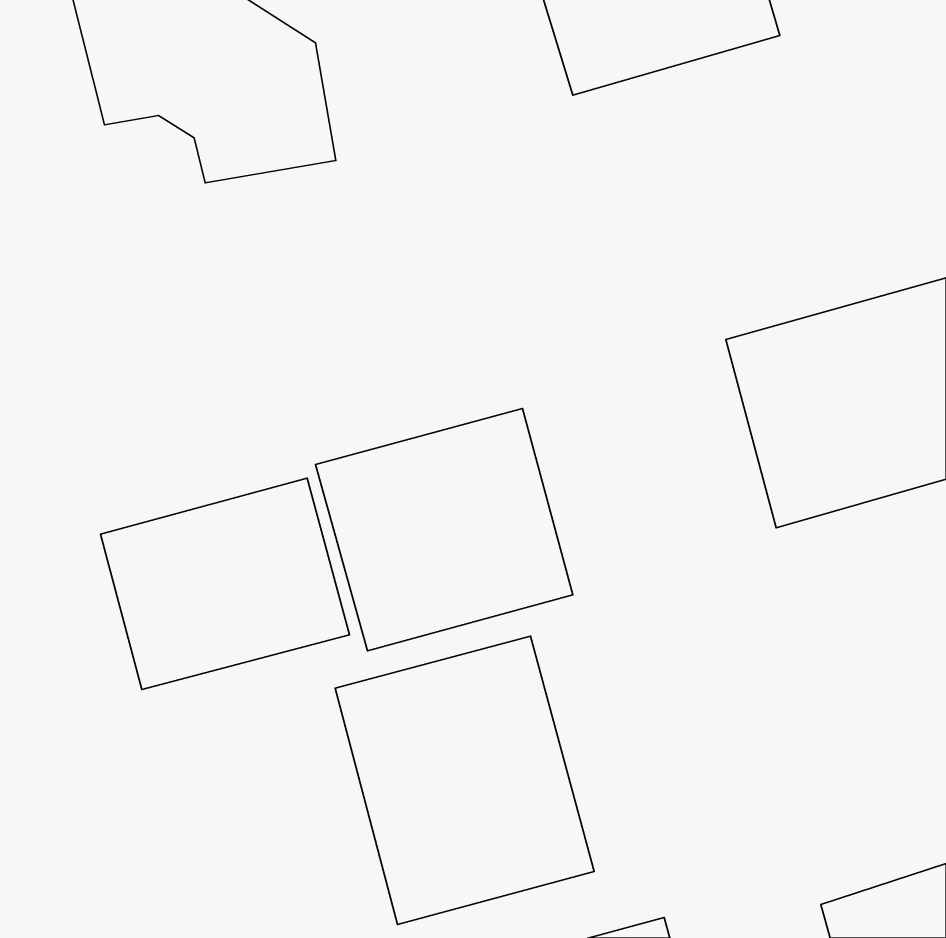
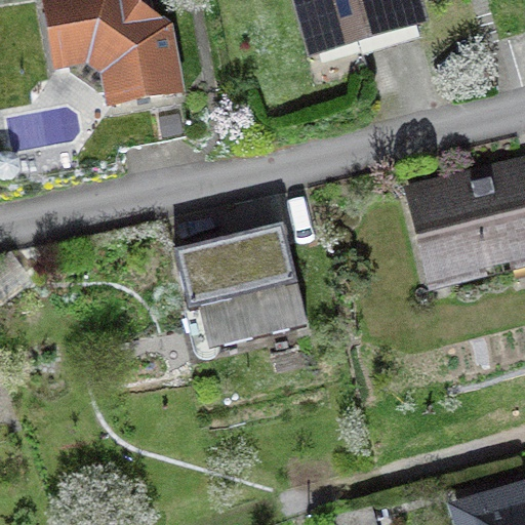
building: [100,478,349,689] -> none
building: [335,636,594,925] -> none

